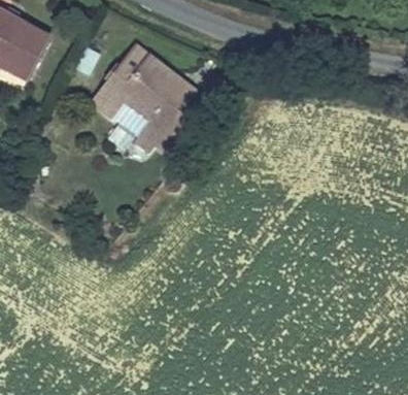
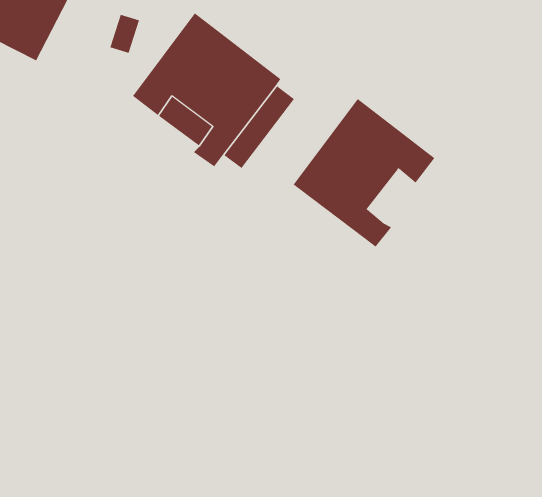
building: none -> [293,98,435,247]

